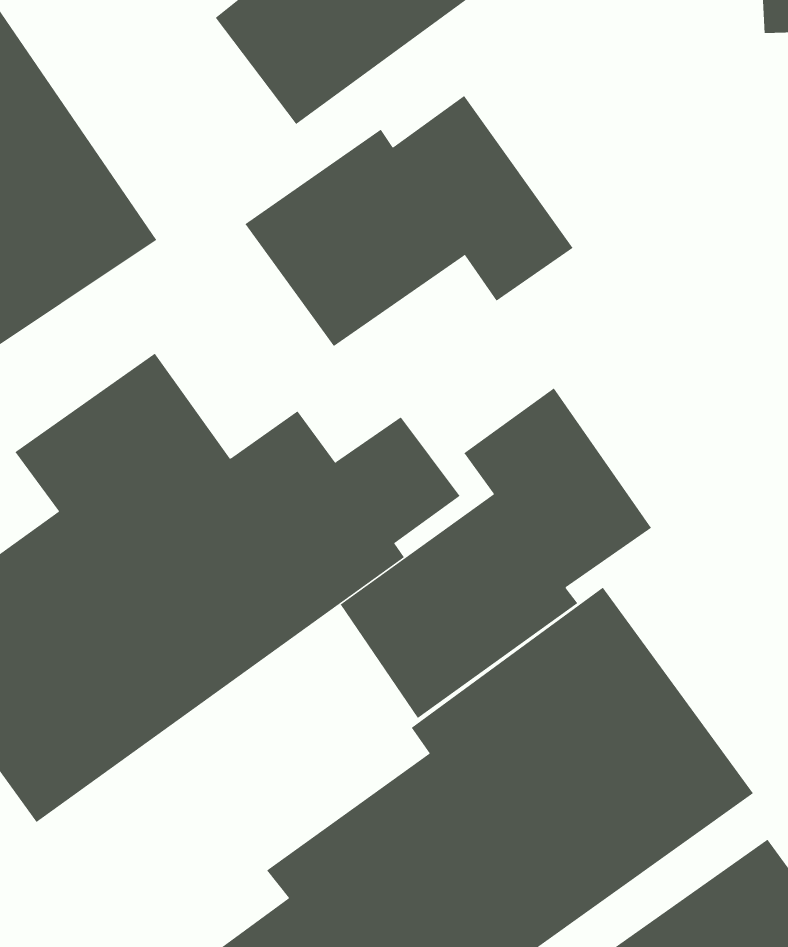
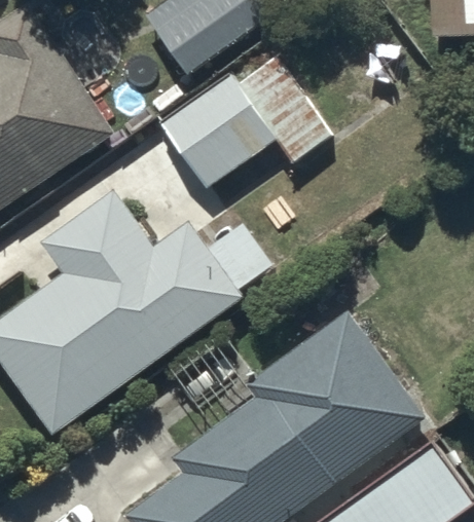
building: [340,387,652,719] -> none

